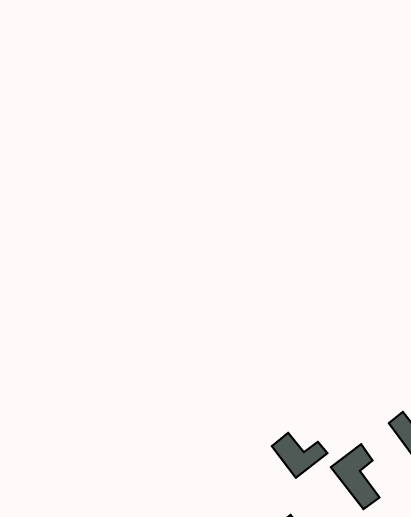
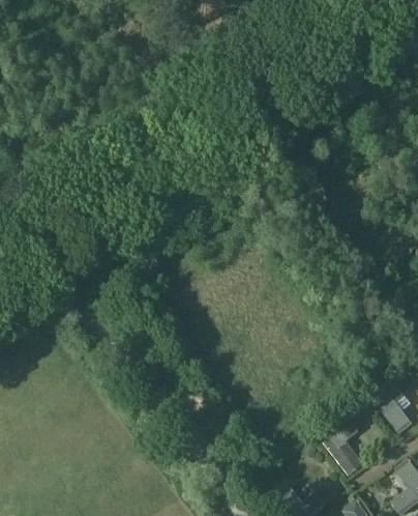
building: [272,433,328,478] -> none

